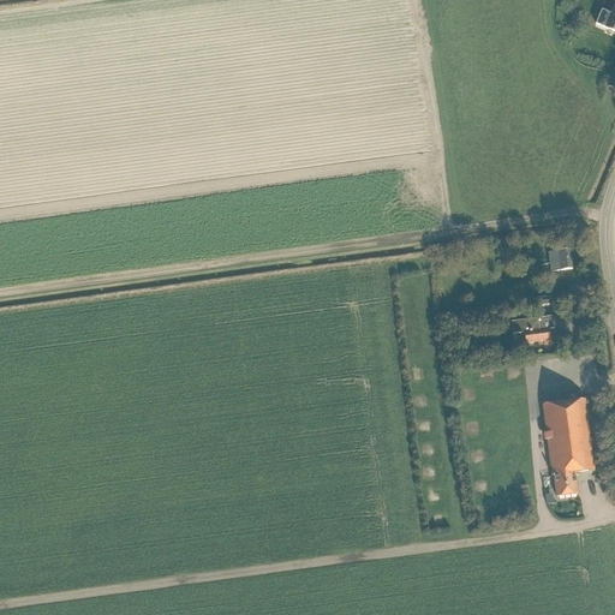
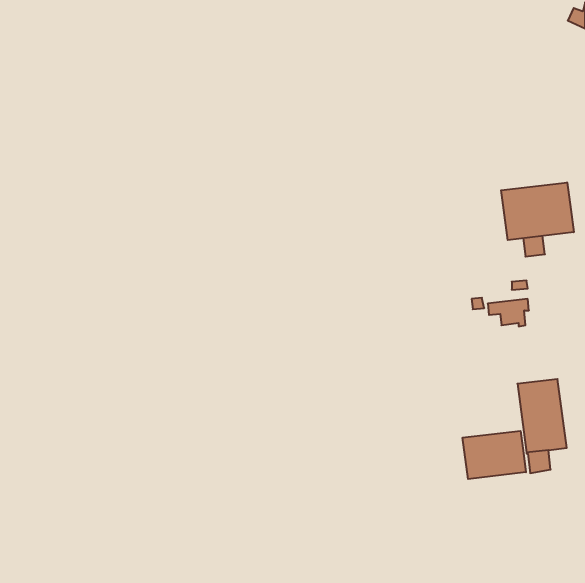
building: none -> [501,182,574,240]
building: none -> [463,431,526,479]

